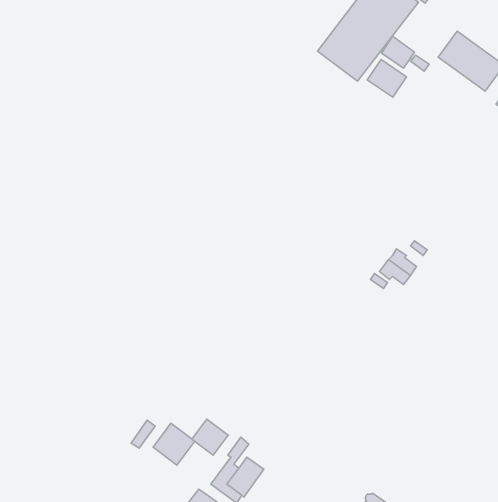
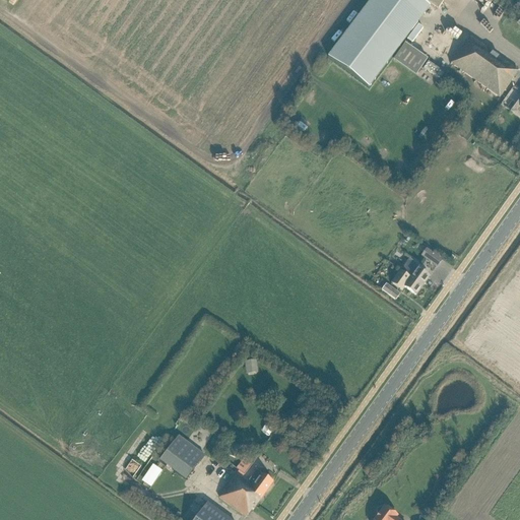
building: [367,59,406,97] -> none
building: [192,419,228,455] -> none

